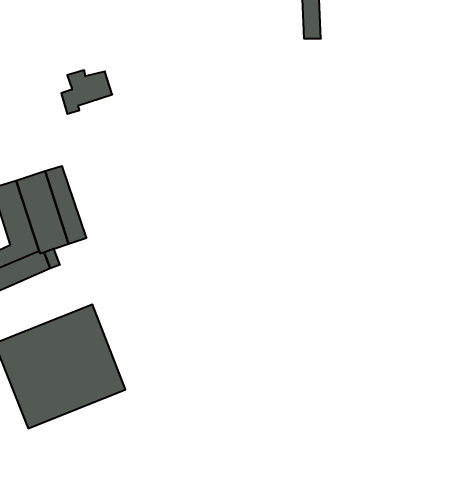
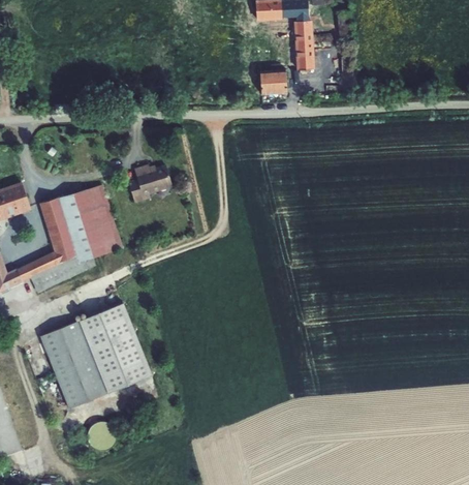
building: none -> [262,75,290,98]
building: [61,70,112,114] -> [122,160,165,198]
building: none -> [85,423,114,452]

